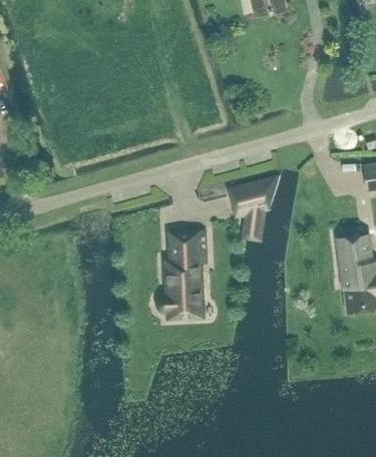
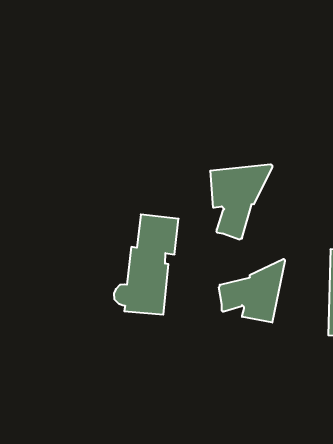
building: none -> [219,259,285,323]

